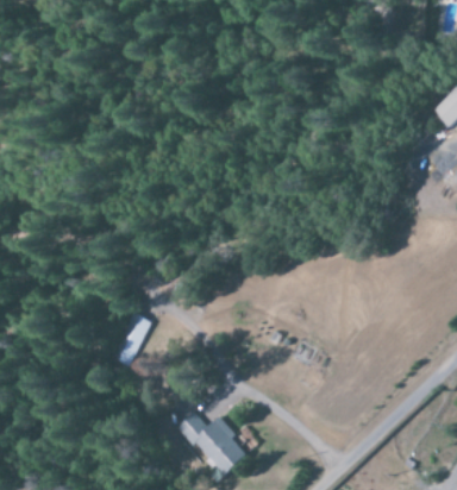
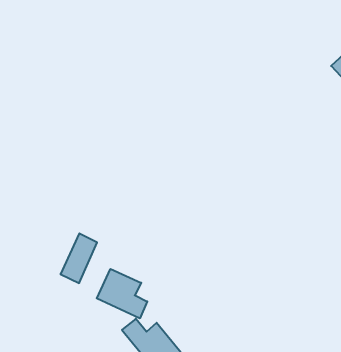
building: none -> [97,269,147,318]

